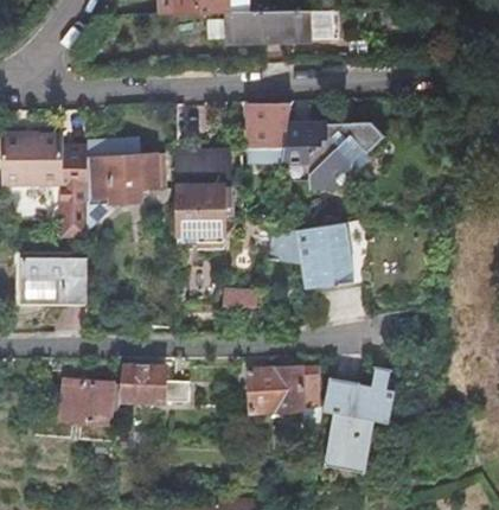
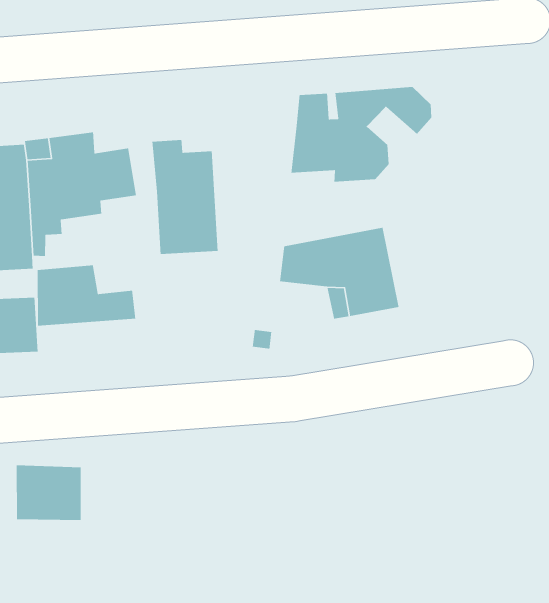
building: [244,103,290,147] -> none
building: [119,357,191,400] -> [37,264,136,327]
building: [247,366,318,409] -> none
building: [325,369,395,466] -> none

